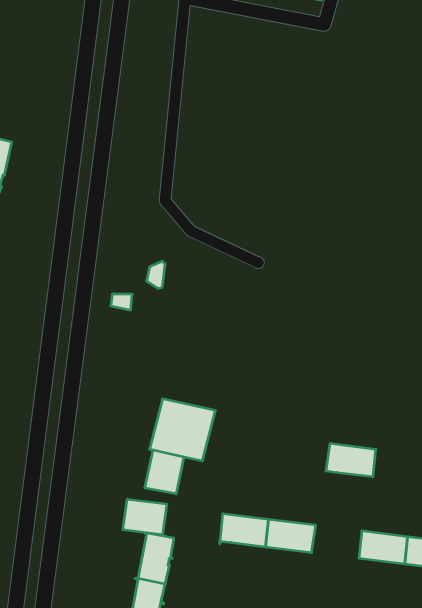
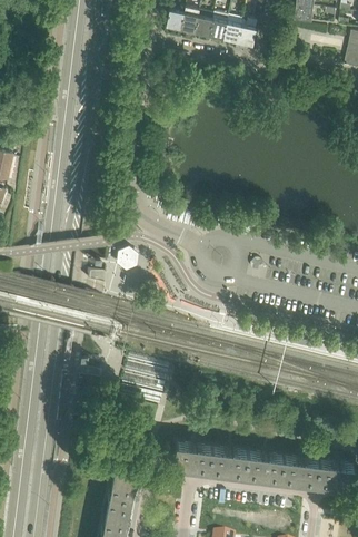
building: [326,444,376,477] -> [245,457,284,482]
building: [145,450,184,494] -> none
building: [123,499,167,535] -> none

